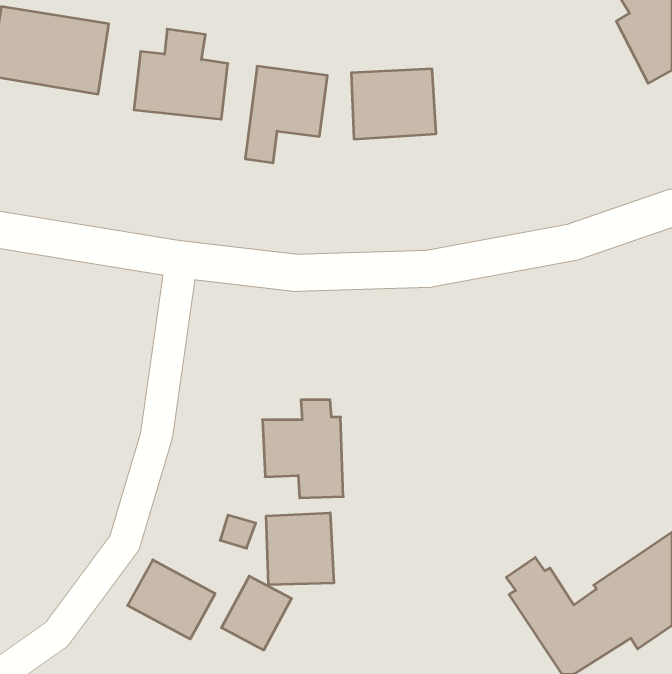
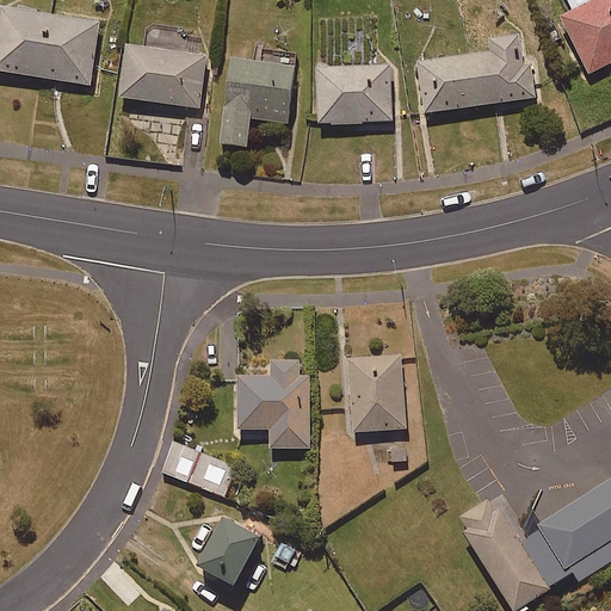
building: none -> [418,36,535,113]
building: none -> [347,356,406,432]
building: [266,513,334,585] -> none
building: [128,560,215,639] -> none

